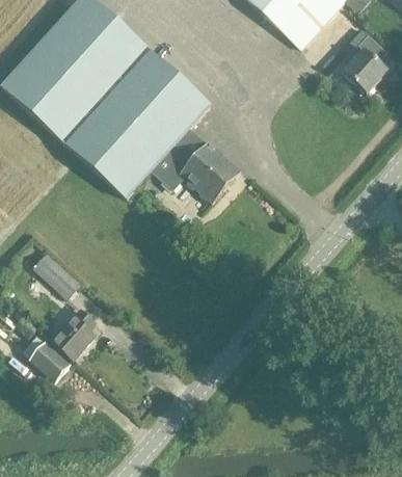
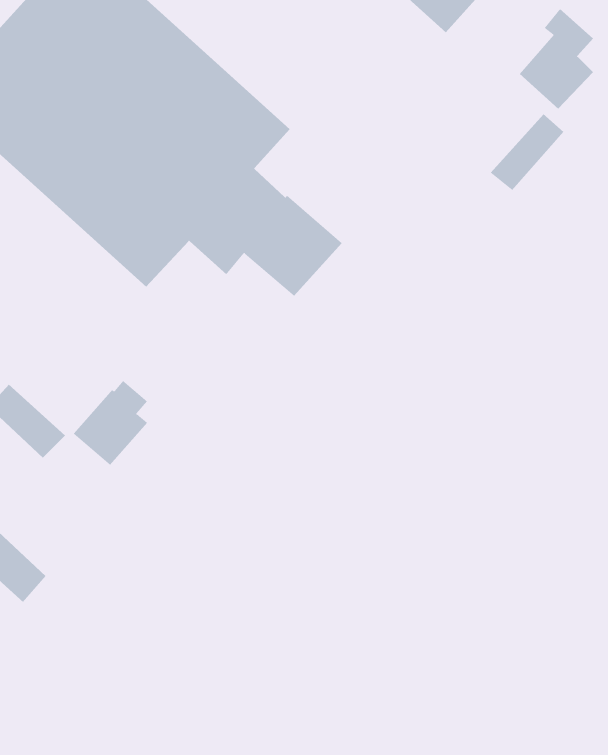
building: none -> [490,114,564,191]
building: [52,310,96,360] -> [73,380,148,466]

